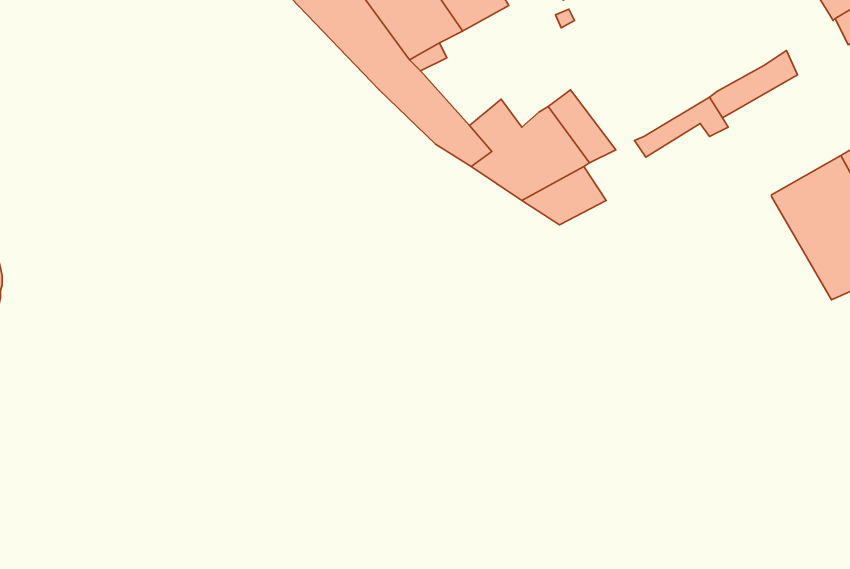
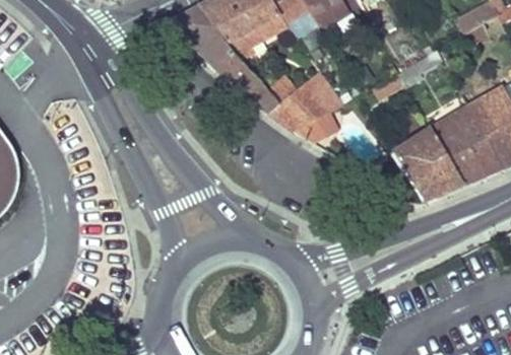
building: none -> [393,127,464,200]

